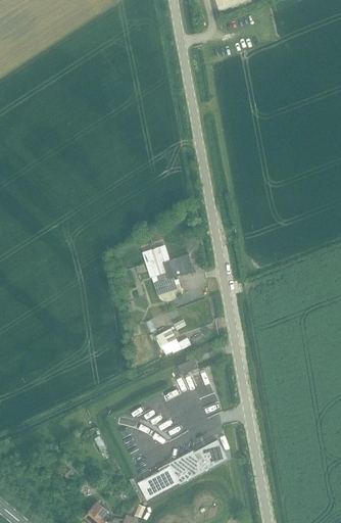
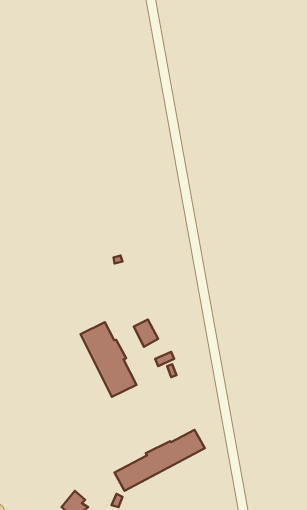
building: [147,247,193,295] -> none
building: none -> [81,322,136,397]

